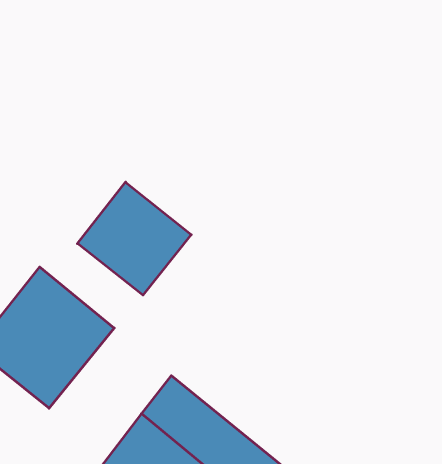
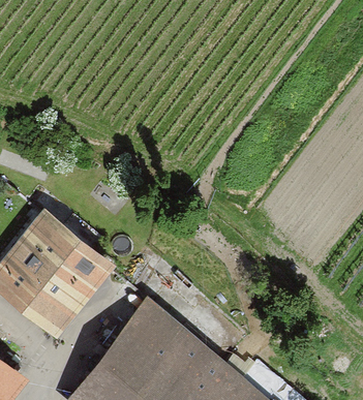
building: [77,182,191,295] -> none

